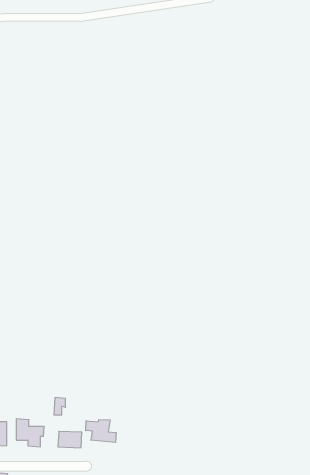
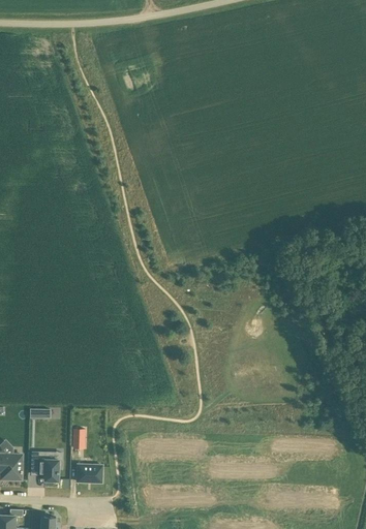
building: [86,420,116,442] -> none

